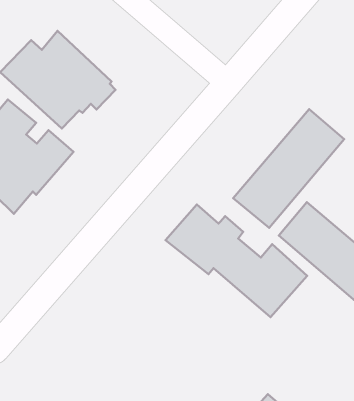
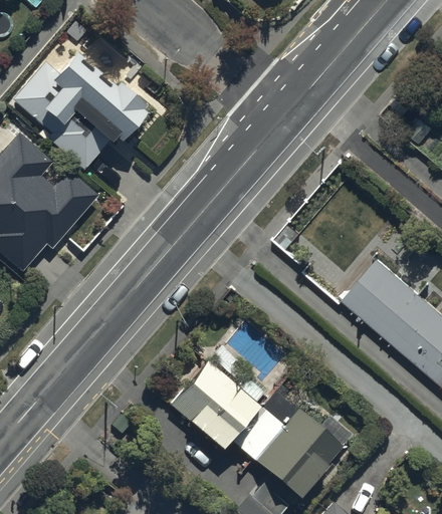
building: [233,109,344,228] -> none
building: [165,205,307,317] -> [168,353,340,490]

